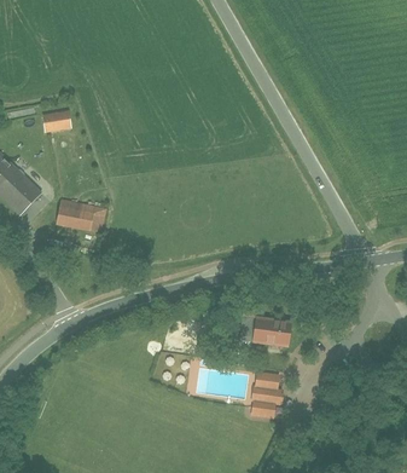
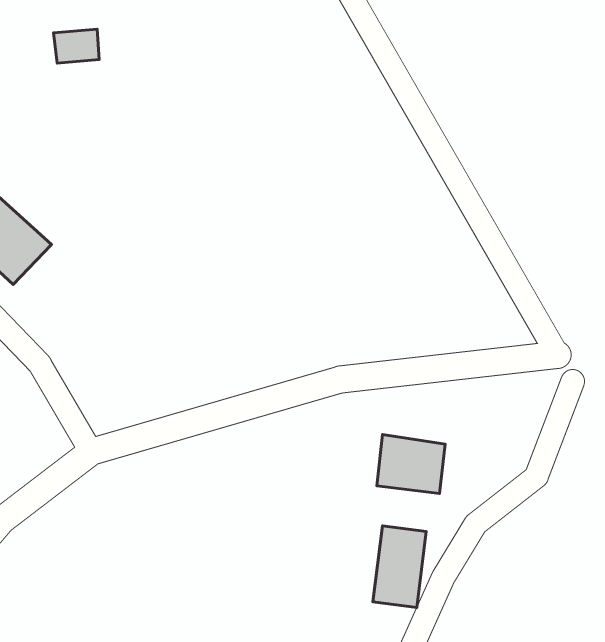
building: [42,110,71,132] -> [53,29,99,63]
building: [54,198,94,230] -> none

